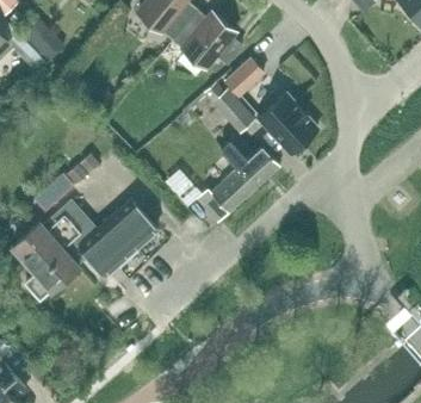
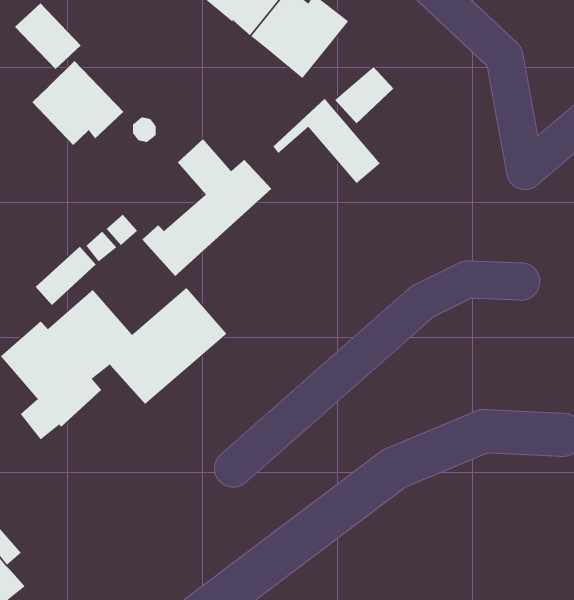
building: none -> [31,60,124,146]
building: [259,94,317,154] -> none
building: [197,135,280,223] -> [141,138,272,277]

